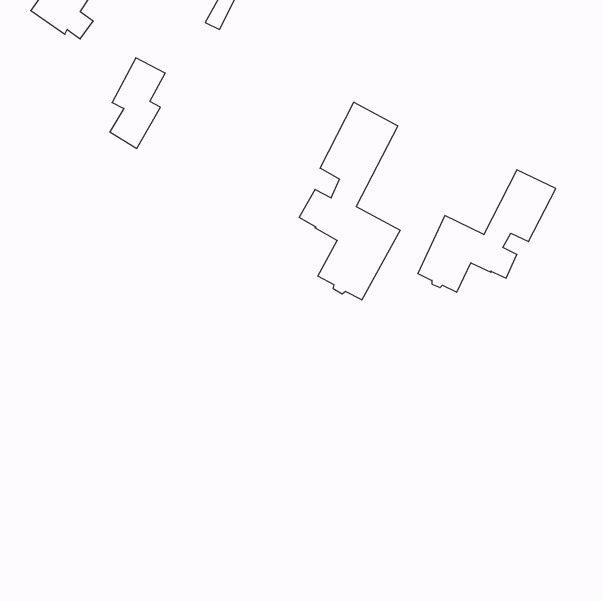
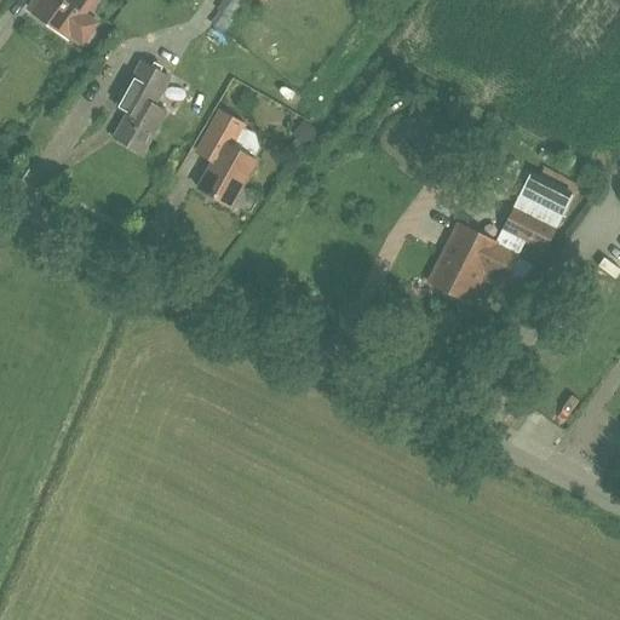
building: [299,102,400,300] -> none
building: none -> [197,110,254,206]

